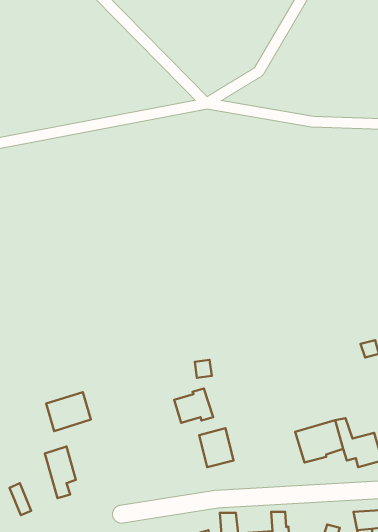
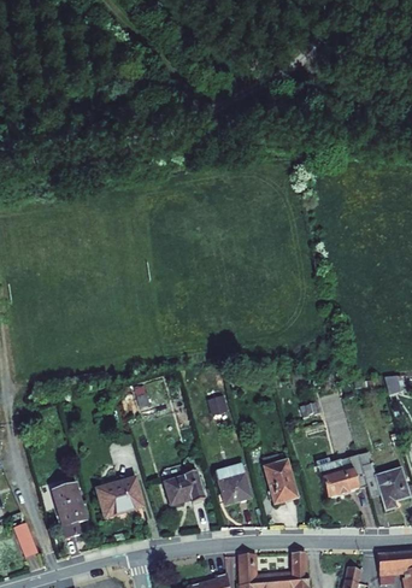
building: [174,389,213,423] -> [165,469,206,505]
building: [46,392,91,431] -> [95,477,142,518]
building: none -> [261,463,295,505]

